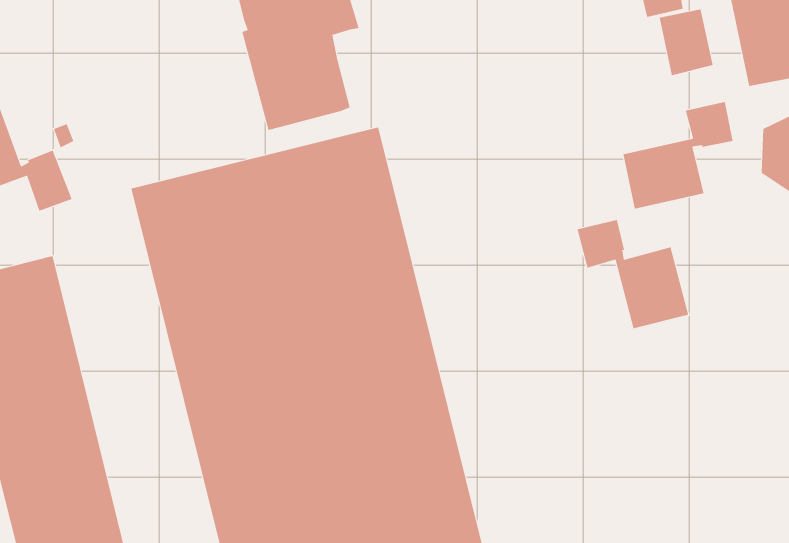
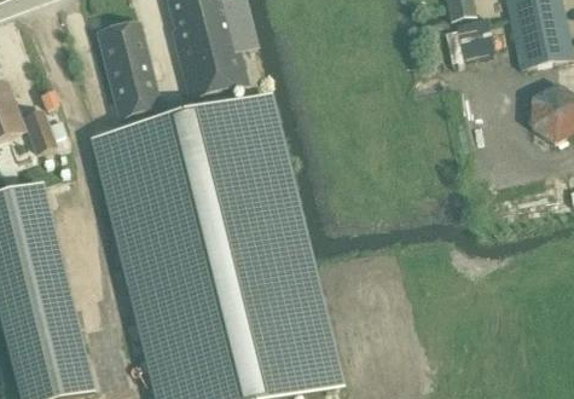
building: none -> [97,19,161,115]
building: [623,101,733,209] -> none
building: [577,219,689,329] -> none

